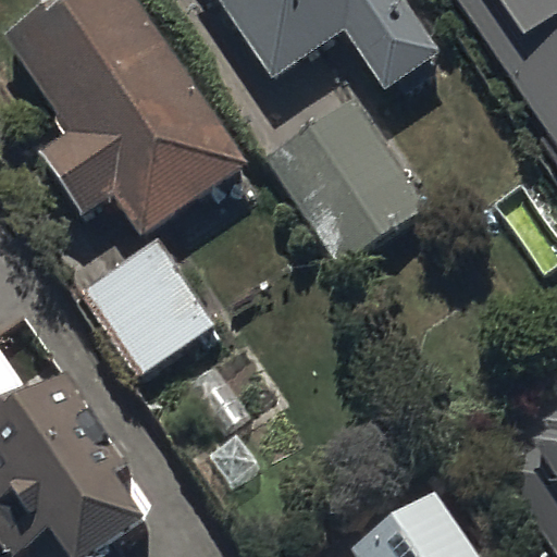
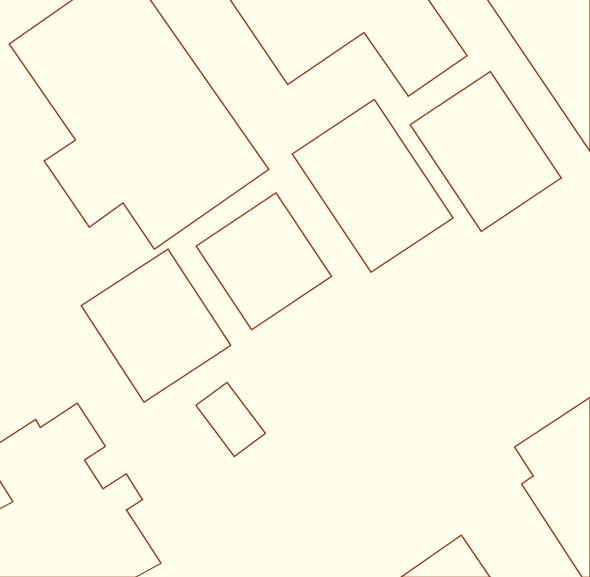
building: none -> [410,71,561,231]
building: none -> [196,193,332,330]

